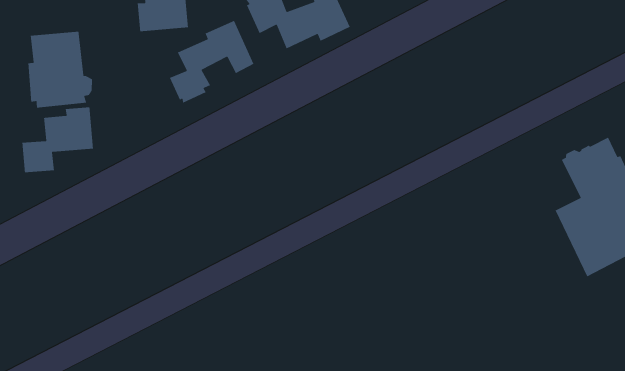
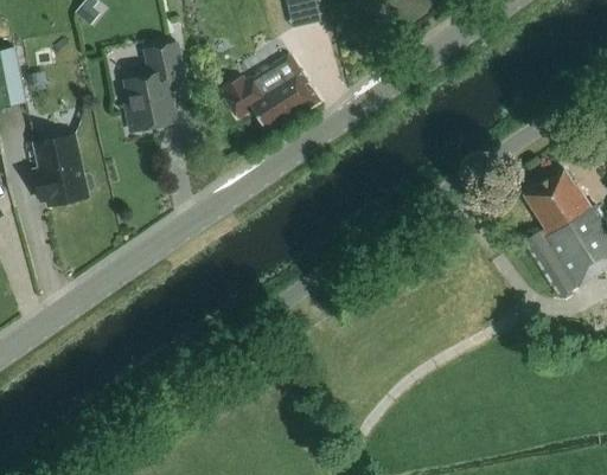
building: [169,20,255,104] -> none
building: [22,106,94,173] -> none

